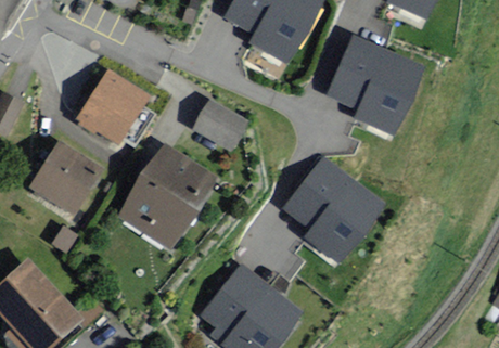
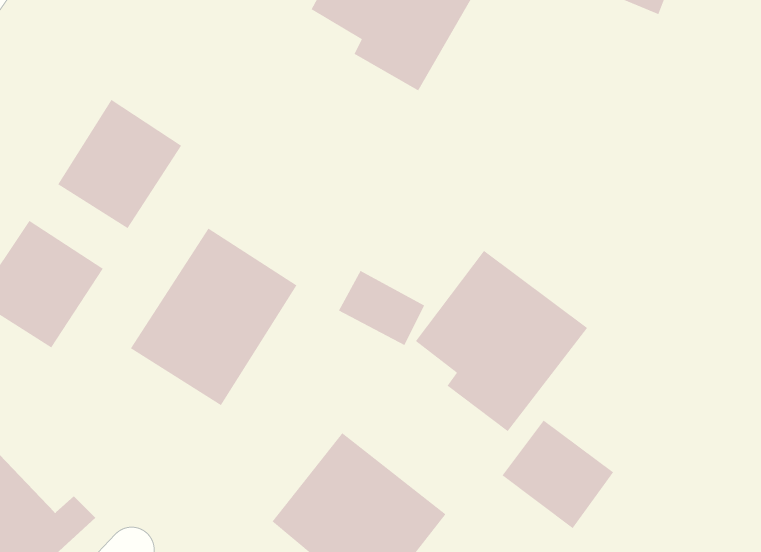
building: [328,34,424,134] -> none
building: [195,101,246,145] -> [338,270,425,346]
building: none -> [501,420,614,529]

